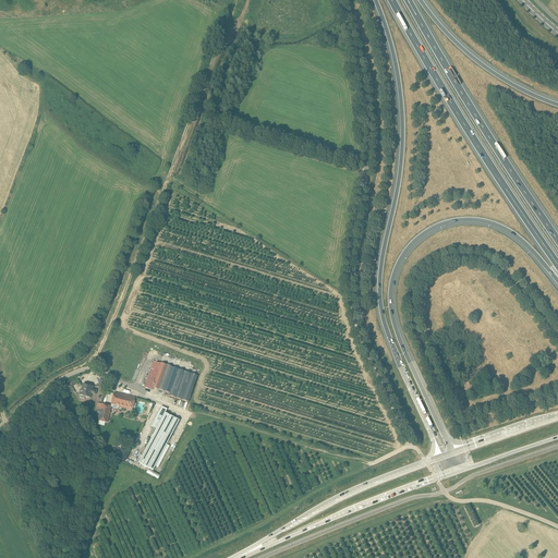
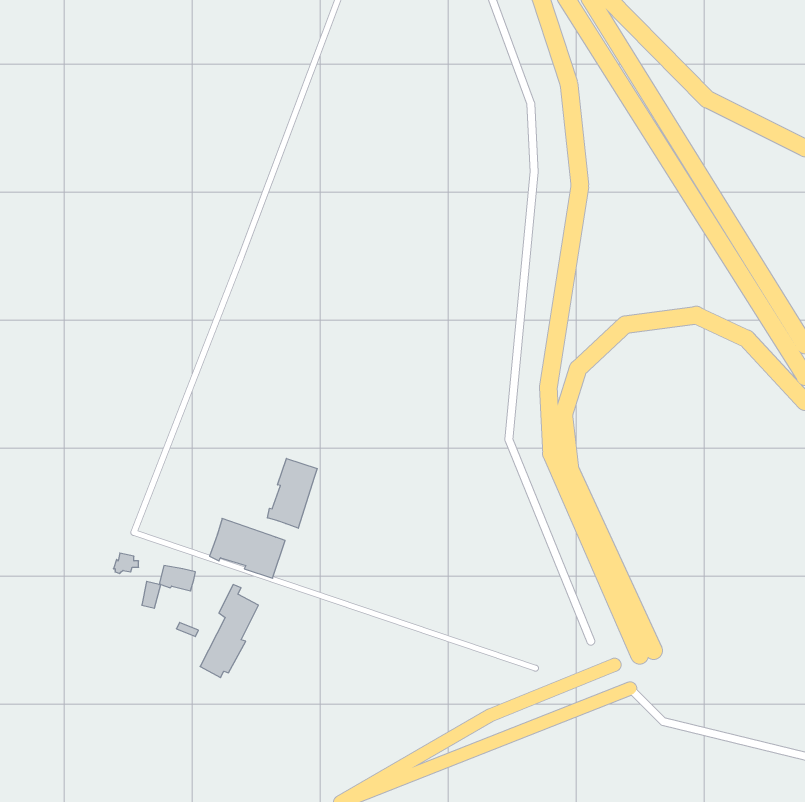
building: none -> [267,458,317,528]

